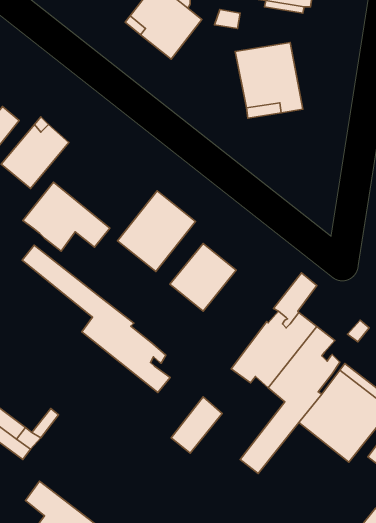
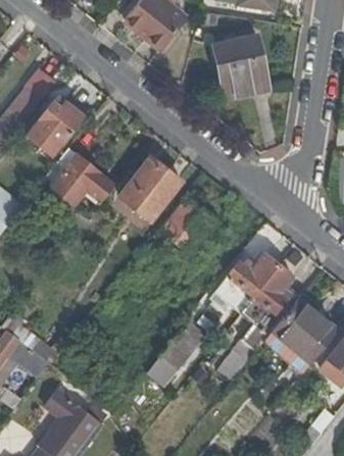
building: [22,245,170,393] -> none

